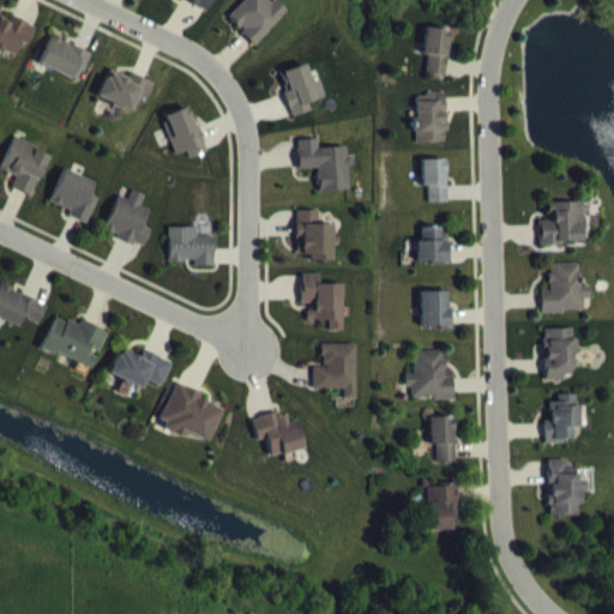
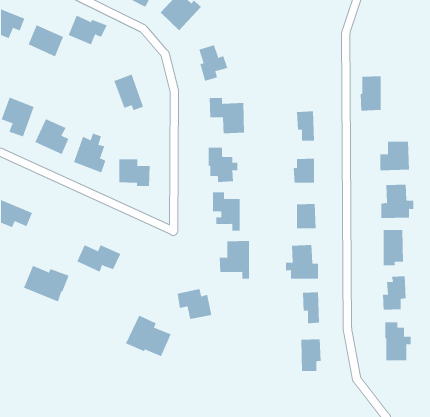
building: [423,28,452,76] -> none
building: [97,67,154,110] -> [68,15,107,45]
building: [415,92,446,143] -> [360,76,382,111]
building: [42,315,108,368] -> [23,265,70,302]
building: [158,381,224,441] -> [125,315,172,357]

